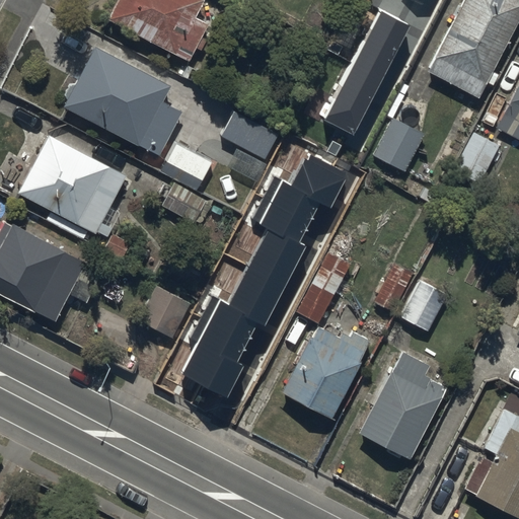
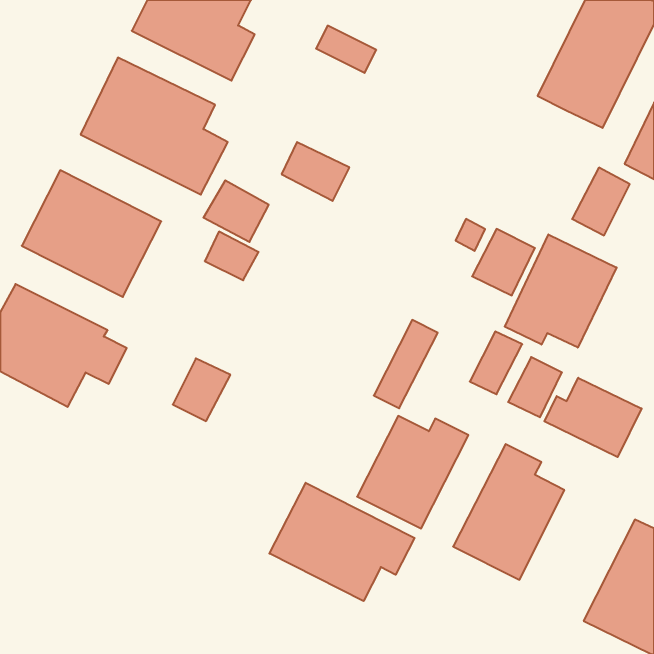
building: [320,8,411,132] -> none
building: [375,121,425,173] -> [472,229,535,295]
building: [180,148,354,397] -> none
building: none -> [505,234,617,348]
building: none -> [544,378,642,457]
building: none -> [269,483,415,601]

